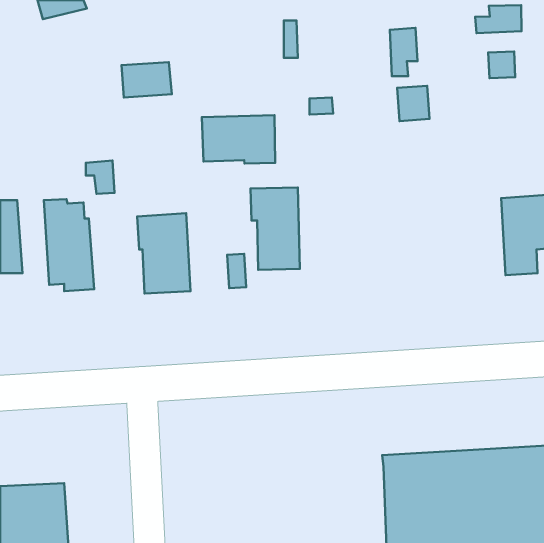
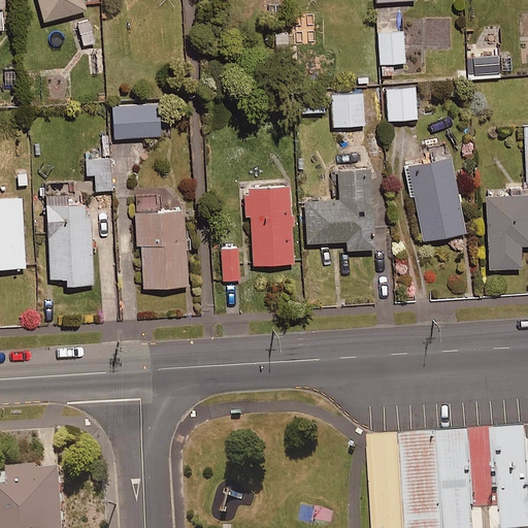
building: [475,5,521,33] -> none
building: [122,62,172,97] -> [111,104,160,138]
building: none -> [331,93,364,127]
building: [202,115,275,163] -> none
building: none -> [407,147,465,240]
building: none -> [304,166,373,250]

